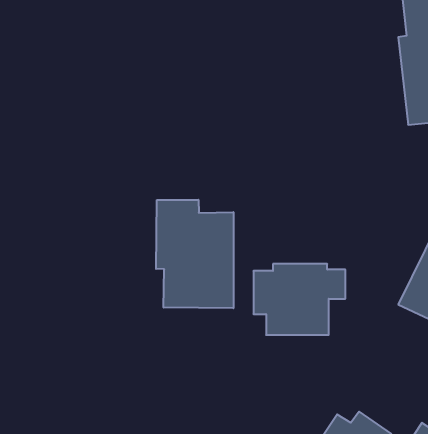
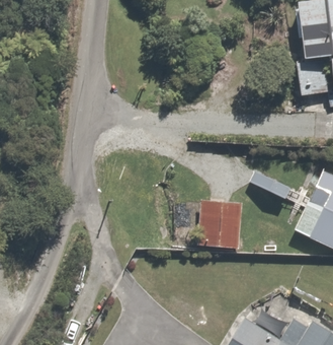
building: [156,200,233,308] -> none

